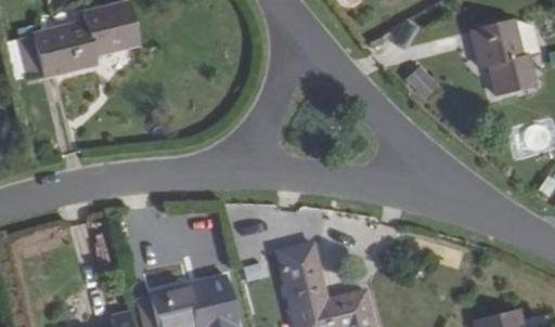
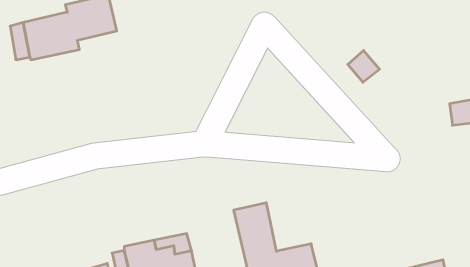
building: [470,19,541,97] -> none

